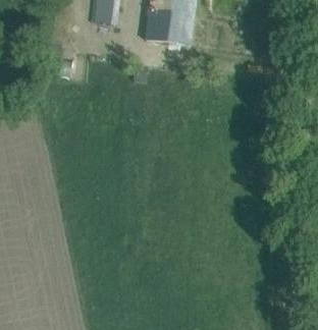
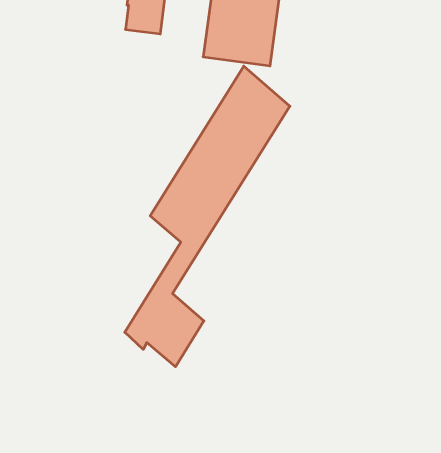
building: none -> [125,66,290,367]

